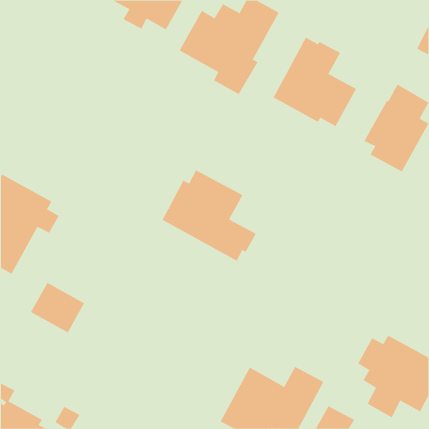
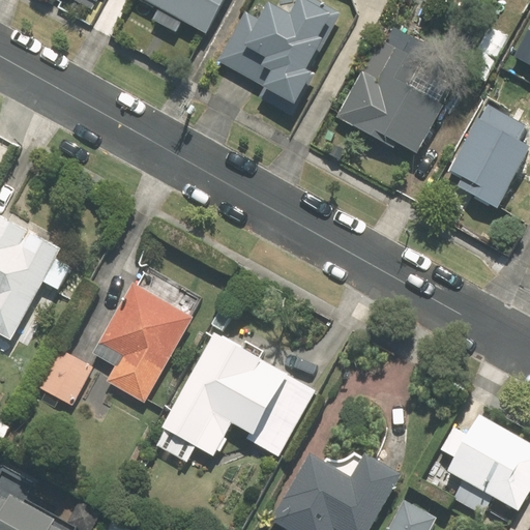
building: [162,169,256,262] -> none
building: none -> [92,282,192,402]
building: none -> [160,332,314,454]

